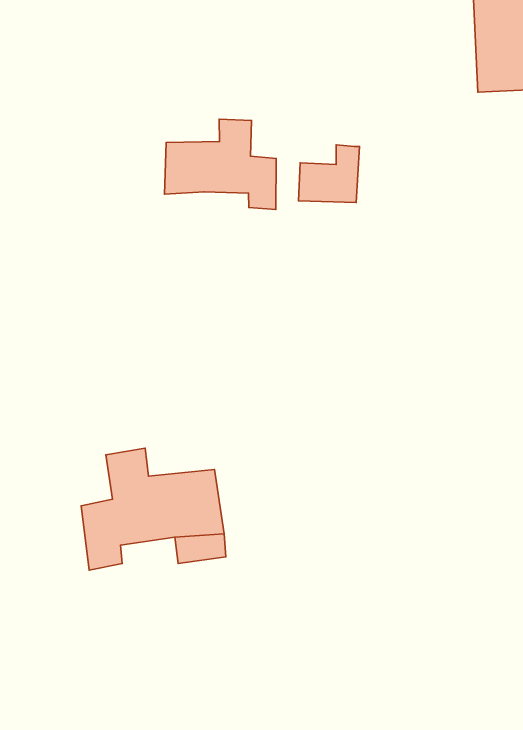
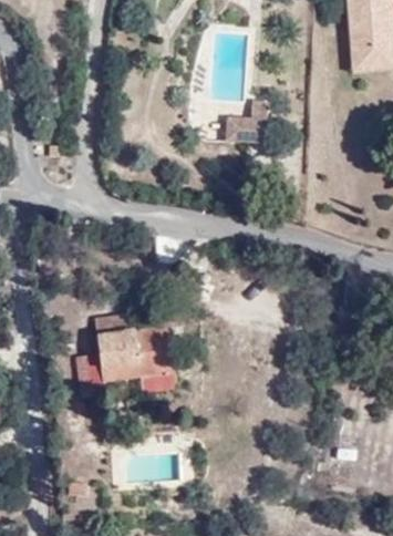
building: [164,119,276,210] -> none

